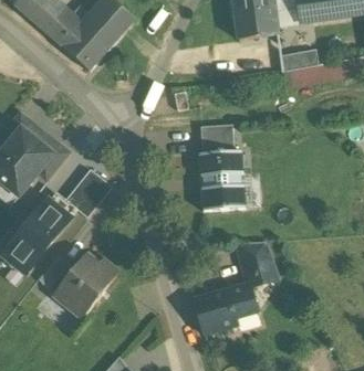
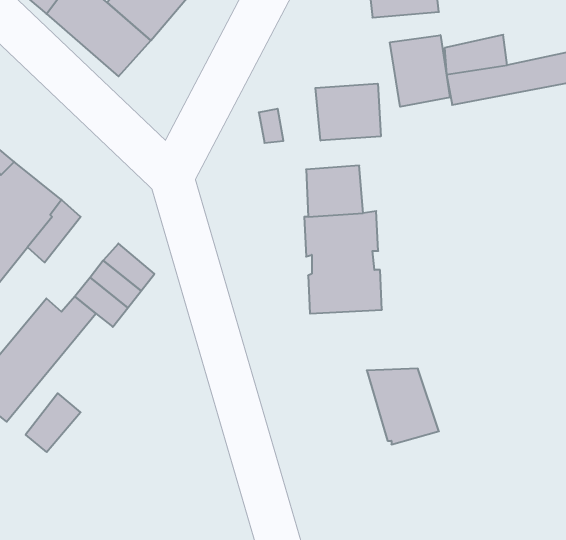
building: none -> [390,35,450,107]
building: none -> [315,84,381,141]
building: [54,258,116,317] -> none
building: [196,284,258,333] -> none

